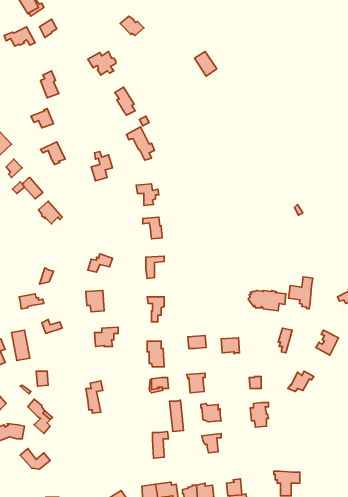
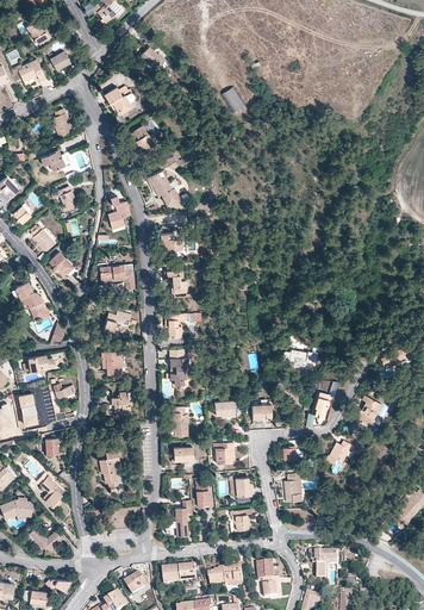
building: none -> [99,264,135,291]
building: none -> [15,273,50,320]
building: [288,277,313,309] -> none

